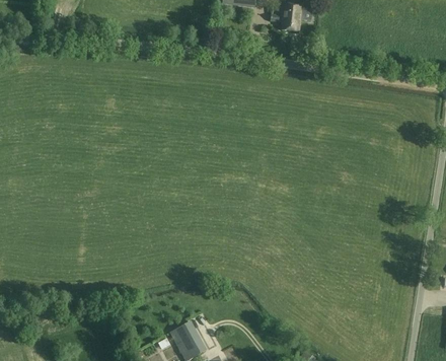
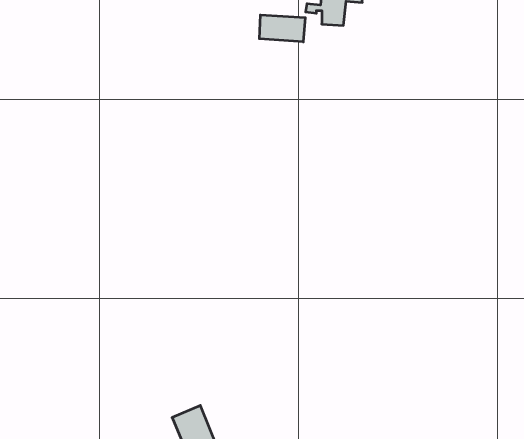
building: none -> [259,15,305,42]

